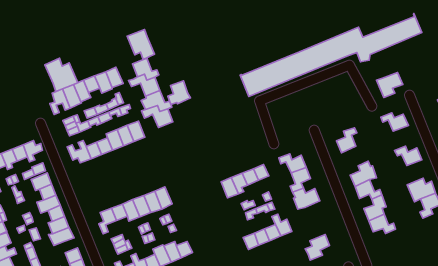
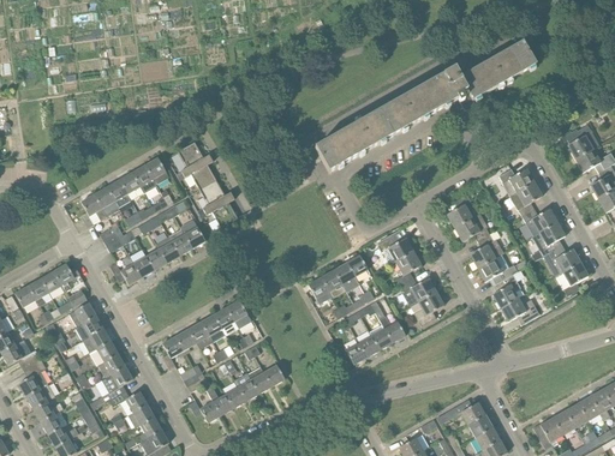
building: [127,29,155,60] -> none
building: [45,58,78,91] -> none
building: [376,72,403,97] -> [509,181,543,215]
building: [168,81,191,105] -> none
building: none -> [455,212,490,240]
building: none -> [532,222,566,256]
building: [305,234,329,260] -> [413,290,443,325]

